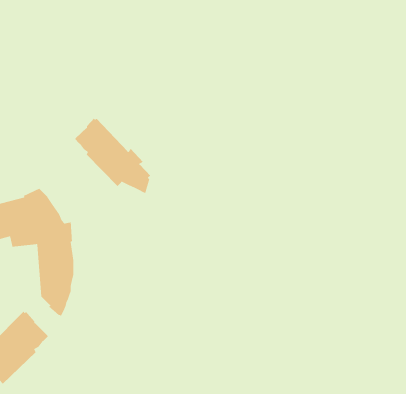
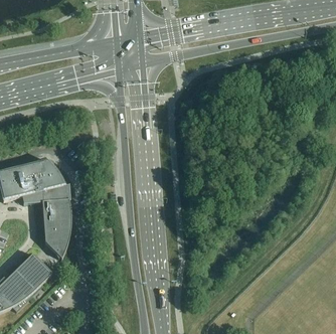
building: [74,118,151,194] -> none

